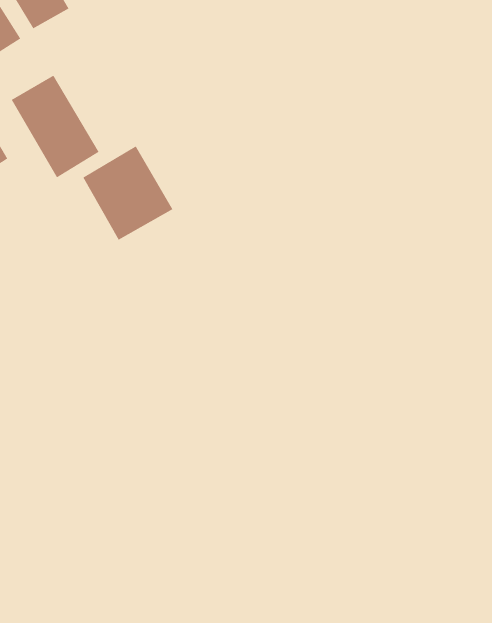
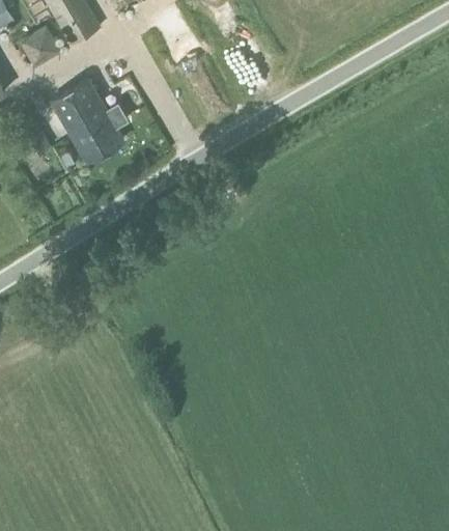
building: [82,146,173,241] -> none

